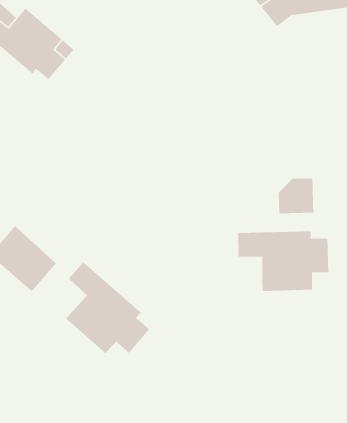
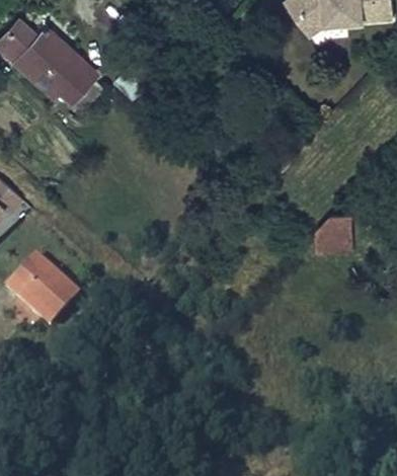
building: [238,230,329,292] -> none
building: [65,262,150,354] -> none

